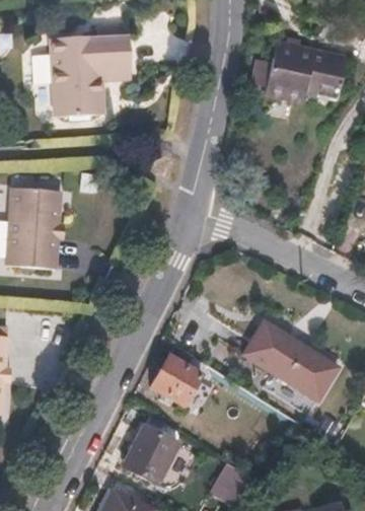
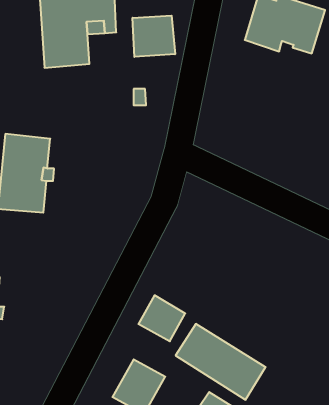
building: none -> [133,16,175,57]
building: [244,321,340,402] -> [176,324,266,400]

